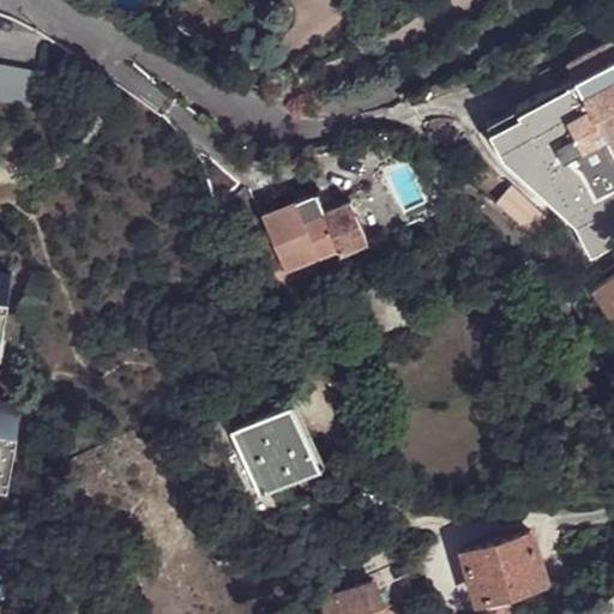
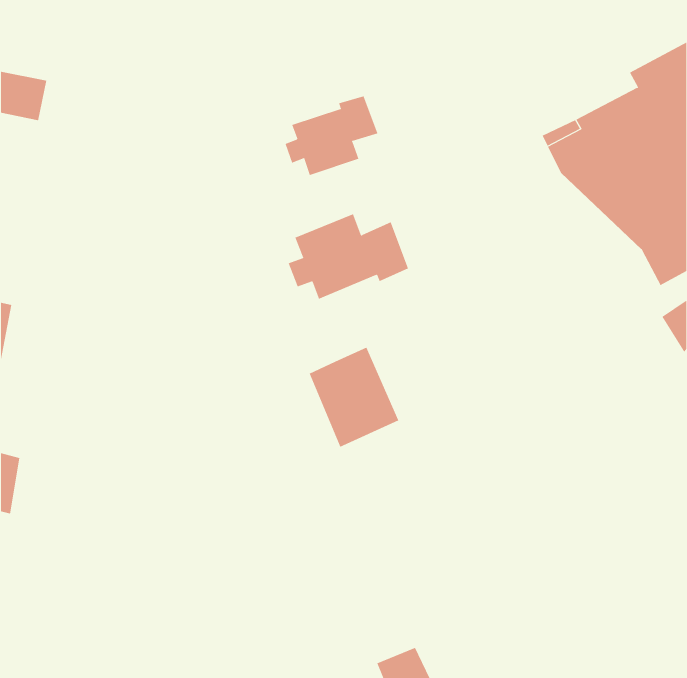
building: none -> [285,95,378,176]
building: [239,408,319,498] -> [309,347,399,447]
building: [464,536,547,604] -> none

